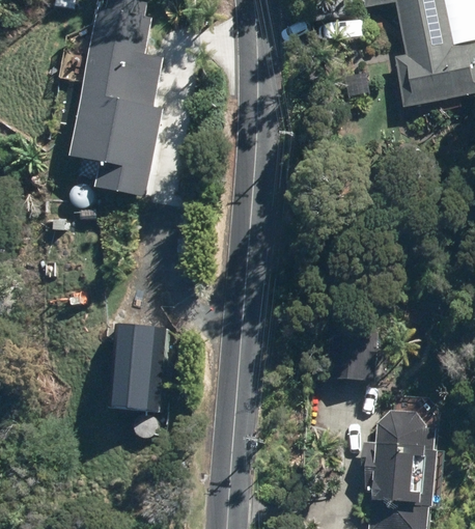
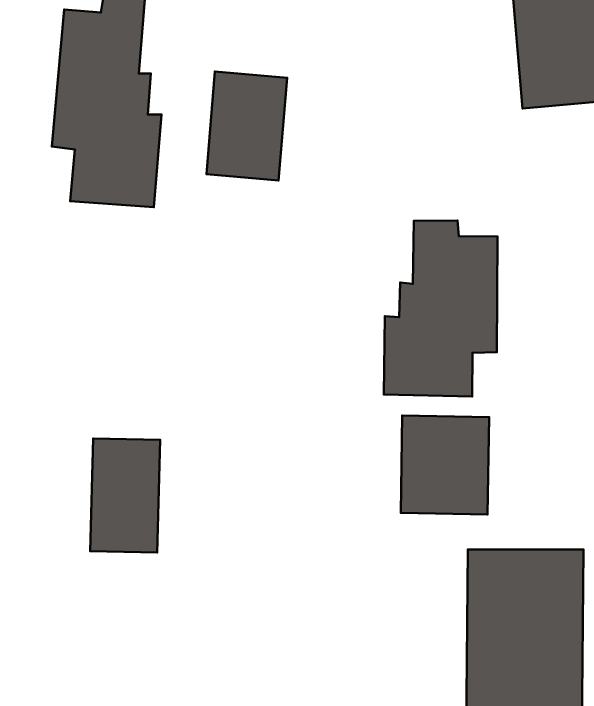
building: none -> [206,72,287,180]
building: none -> [384,220,498,396]

